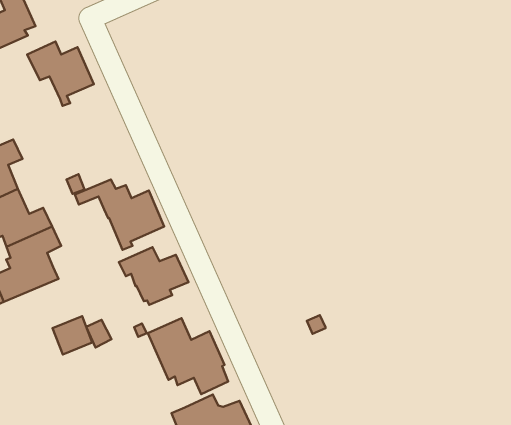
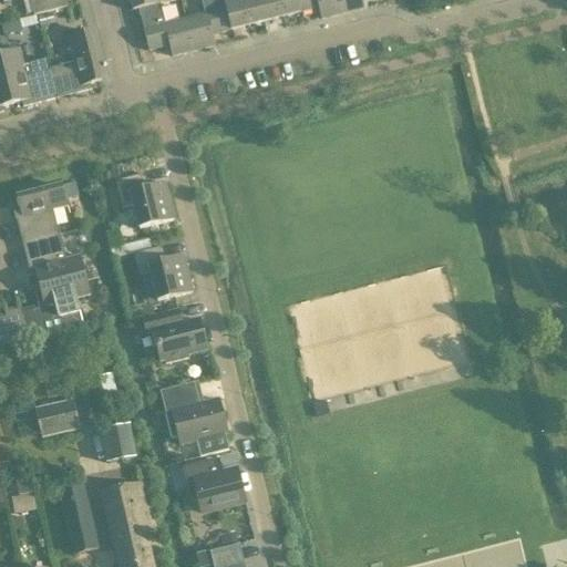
building: [27,42,94,106] -> [115,171,174,233]
building: [53,316,92,354] -> [39,402,74,435]
building: none -> [101,422,133,460]

